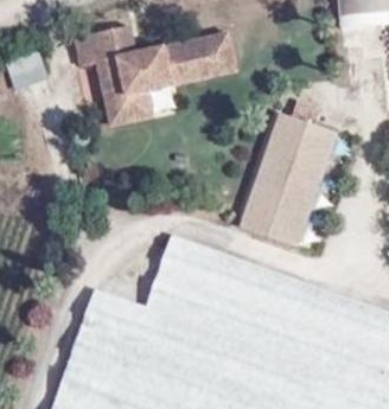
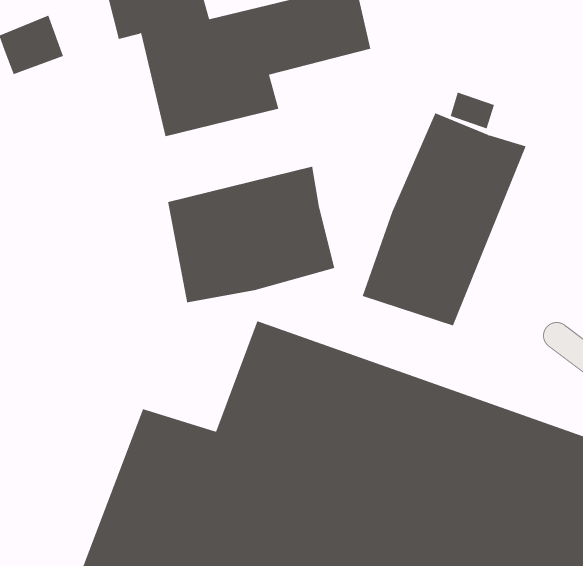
building: none -> [167,166,335,303]

